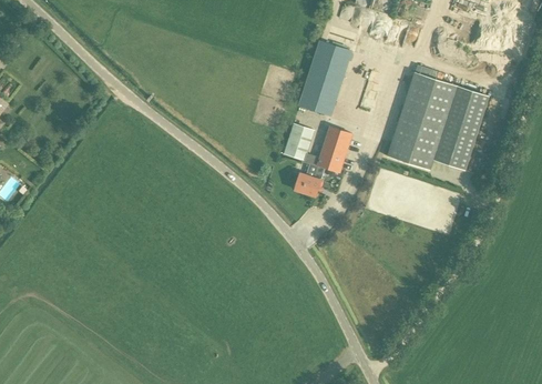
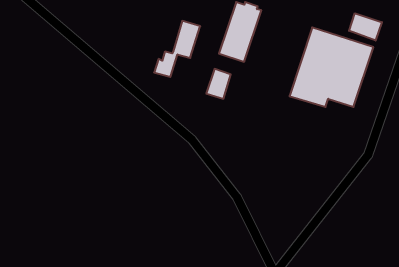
building: none -> [349,13,382,41]
building: [295,127,351,195] -> [154,21,200,77]

